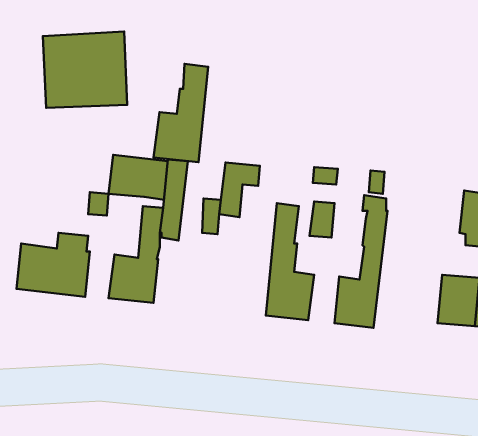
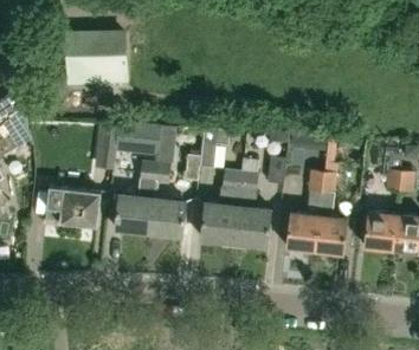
building: [153,64,208,162] -> [200,169,241,244]
building: none -> [316,164,349,257]
building: none -> [149,201,187,238]

